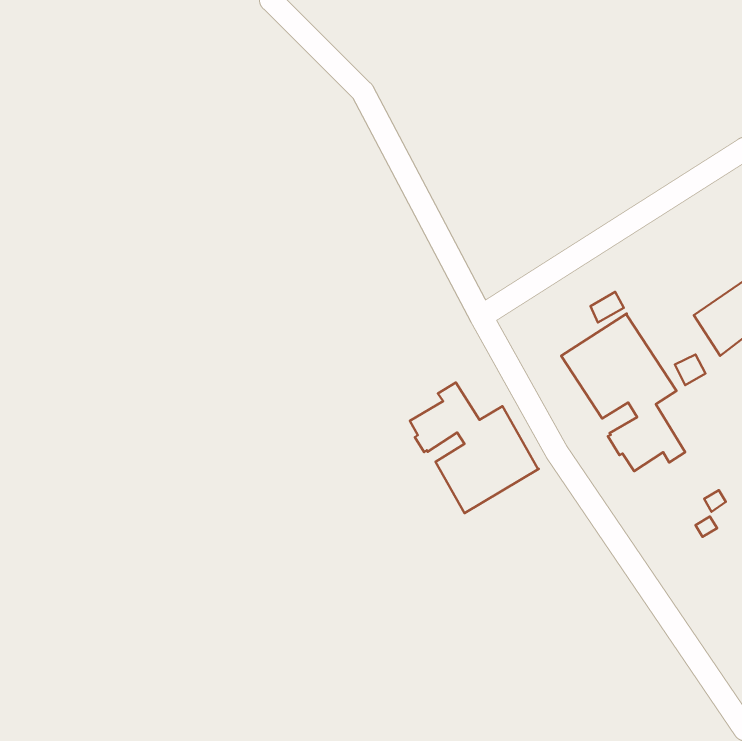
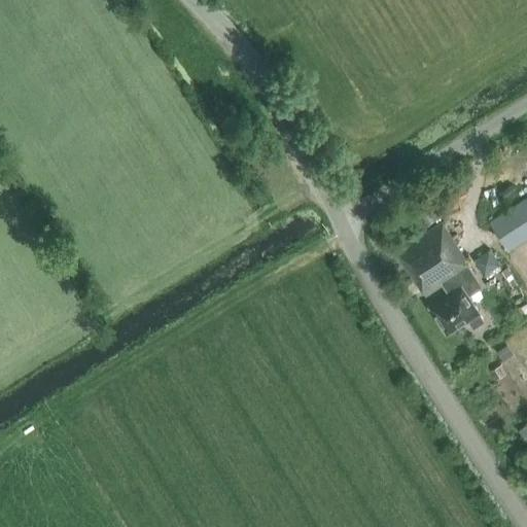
building: [410,383,539,513] -> none

